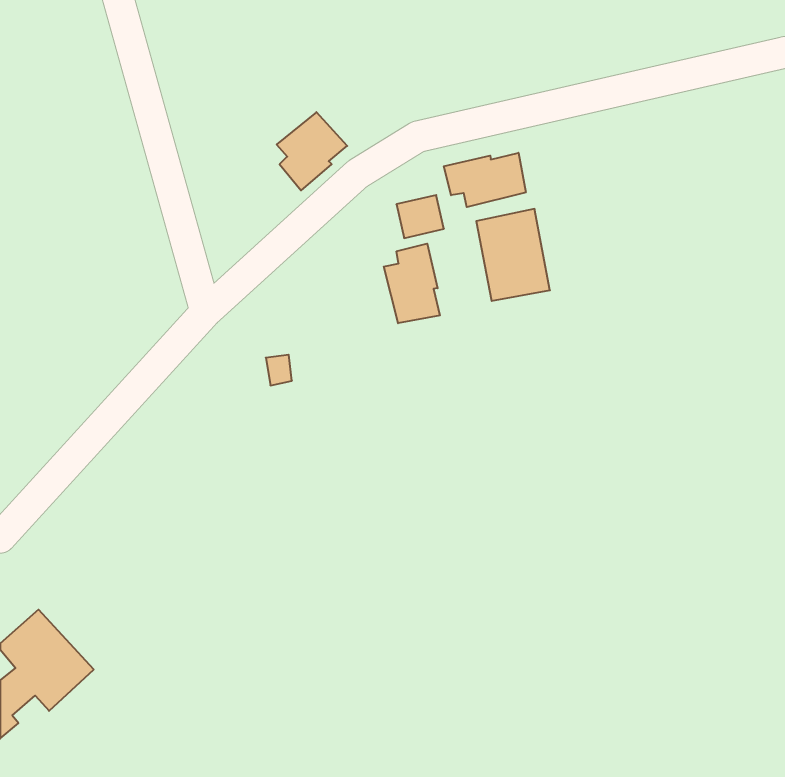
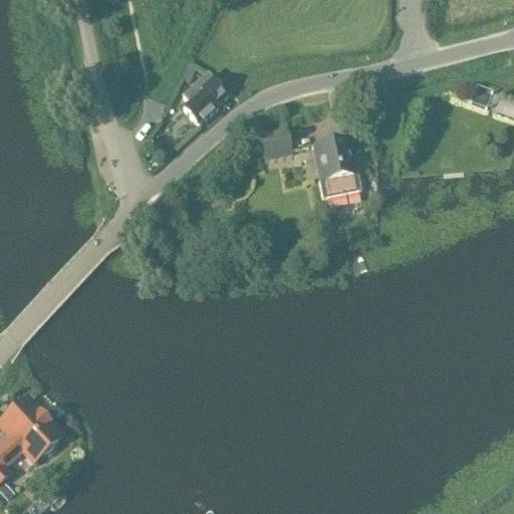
building: [444,153,526,207] -> none
building: [384,244,440,323] -> none

